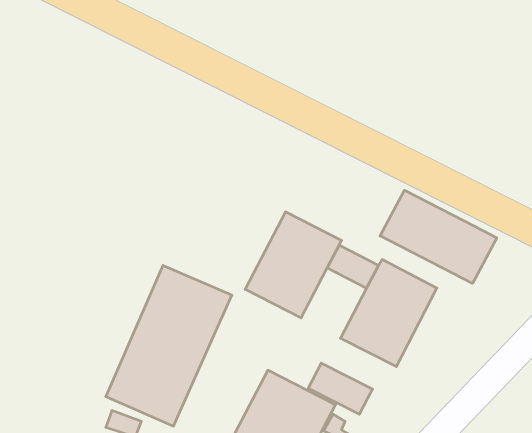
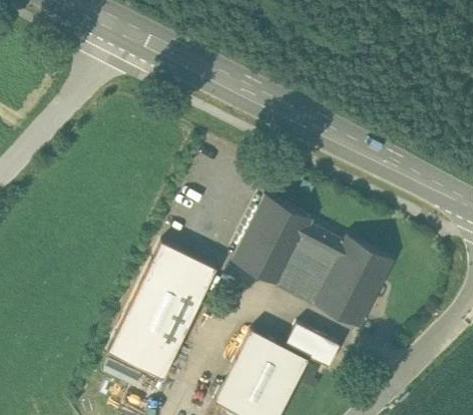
building: [380,190,497,283] -> none
building: none -> [278,244,333,303]

